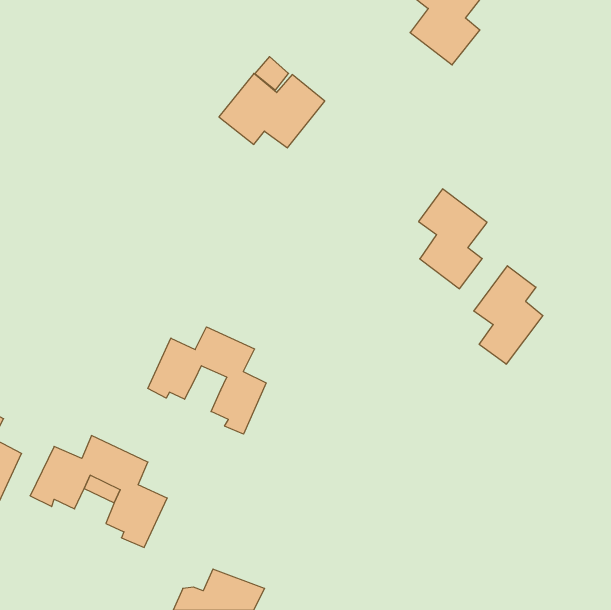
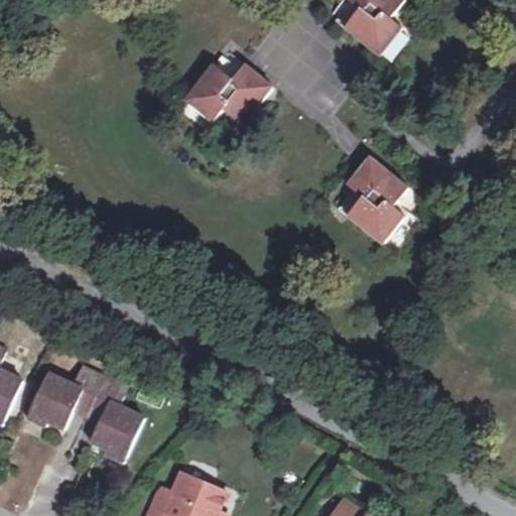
building: [474,266,543,364] -> none
building: [148,327,266,434] -> none

